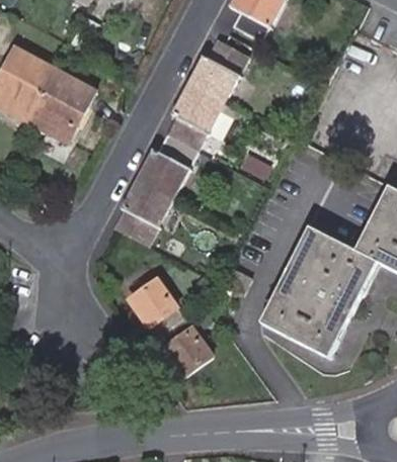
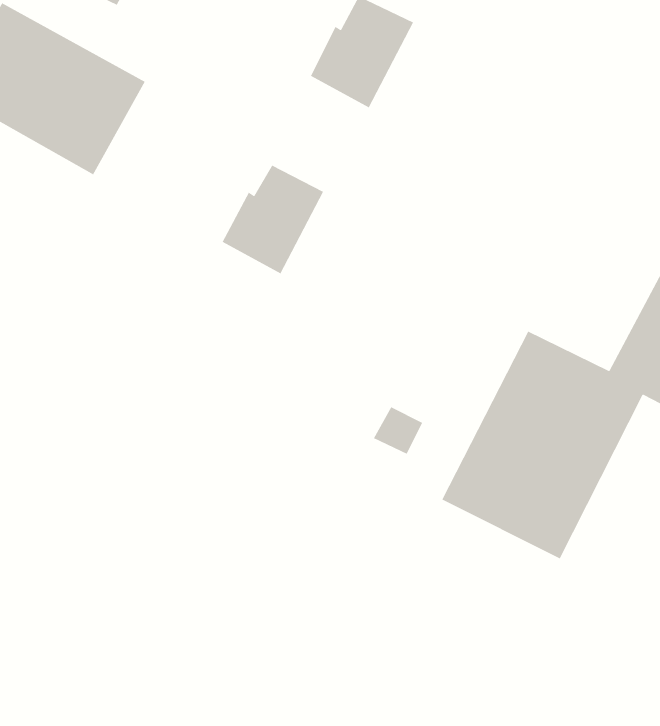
building: [166,86,221,151] -> none
building: [115,179,171,246] -> none
building: [130,281,213,374] -> none

